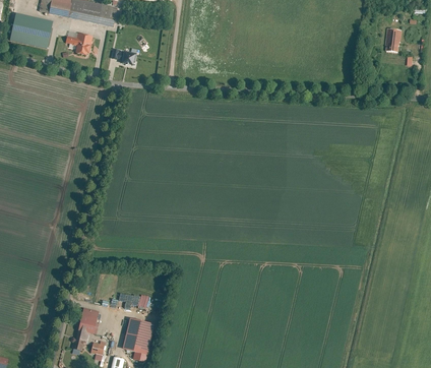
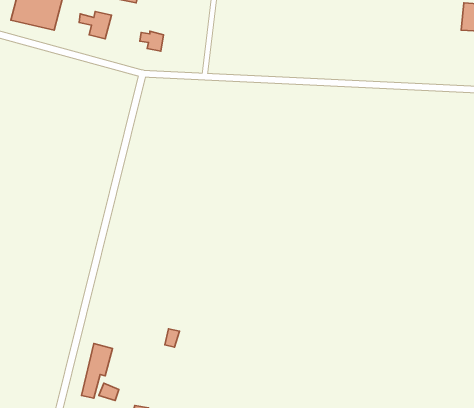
building: [121,316,150,352] -> none

